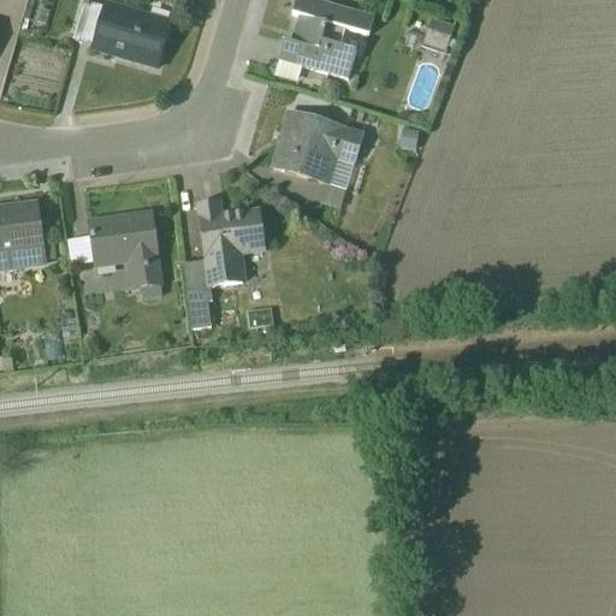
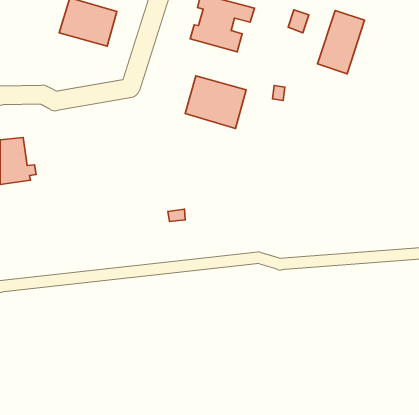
building: none -> [317,11,364,74]
building: [183,200,265,327] -> none
building: [89,209,162,296] -> none

